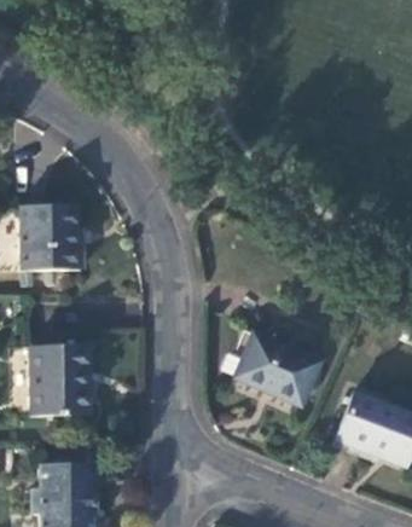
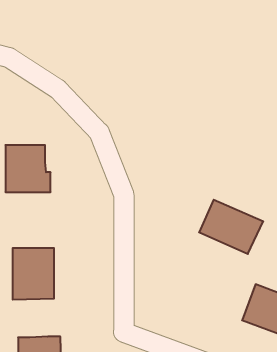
building: [236,334,321,406] -> [199,200,263,254]

